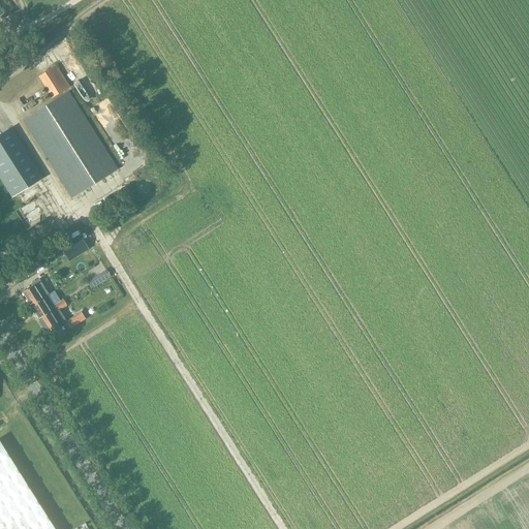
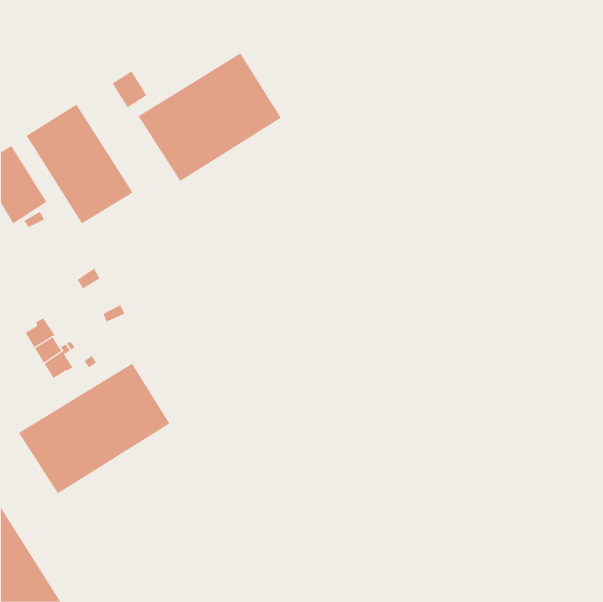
building: none -> [138,53,282,182]
building: [38,64,69,97] -> [112,70,147,108]
building: none -> [18,363,170,494]

